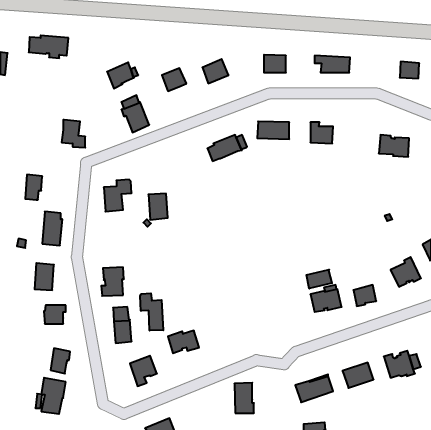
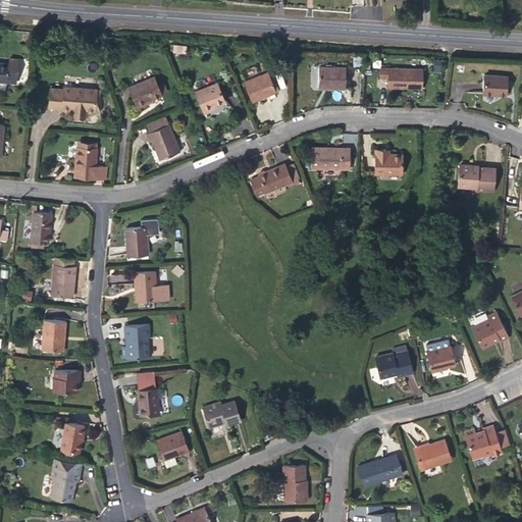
building: [29,35,68,58] -> [49,87,97,114]
building: [148,194,168,220] -> [134,271,157,303]
building: [306,270,332,289] -> none
building: [140,293,163,331] -> none

